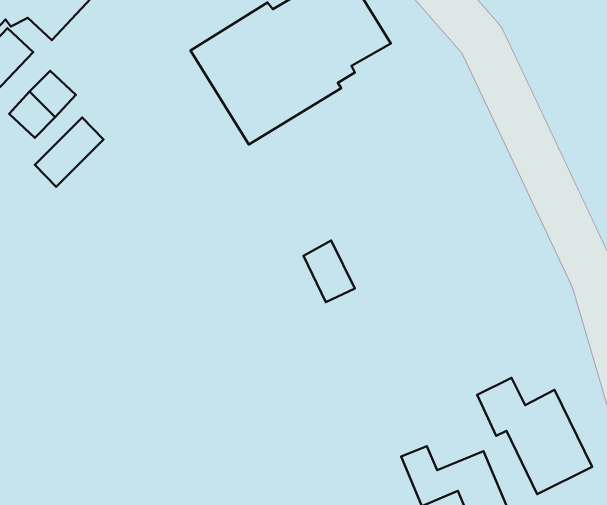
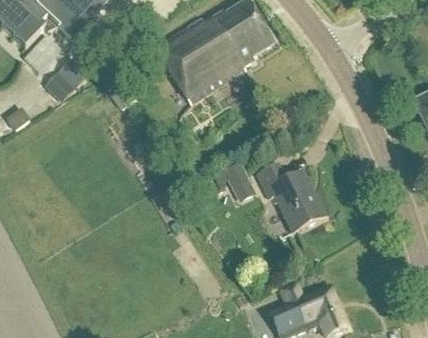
building: [35,117,104,187] -> none
building: [477,378,592,494] -> [257,161,326,231]

